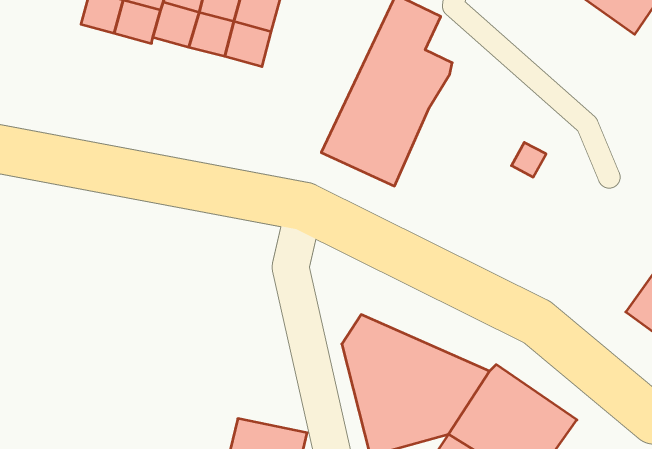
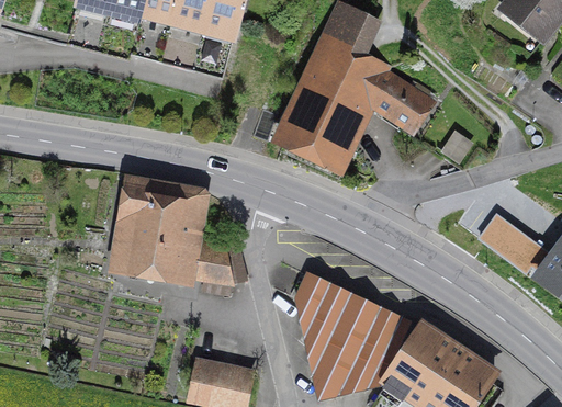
building: none -> [368,70,430,126]
building: none -> [113,178,235,296]
building: none -> [476,207,549,272]

